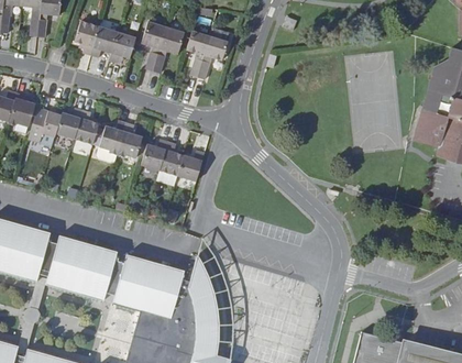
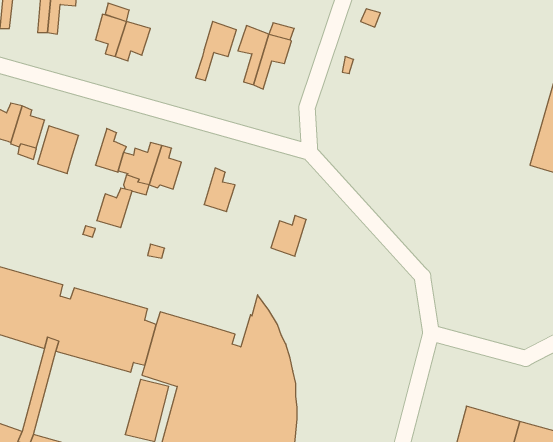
building: [141,21,166,70] -> none
building: [109,32,135,62] -> none
building: [56,108,84,139] -> [97,188,132,228]
building: [141,139,168,169] -> none
building: [177,150,205,182] -> [271,215,306,256]

